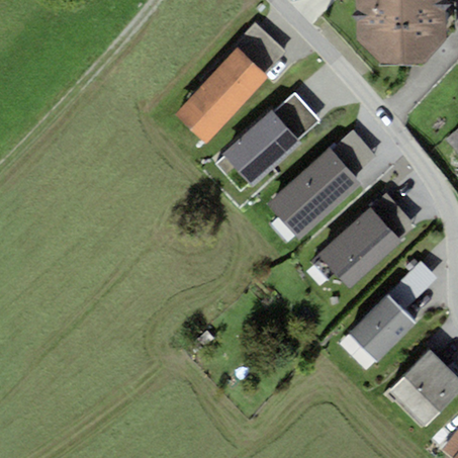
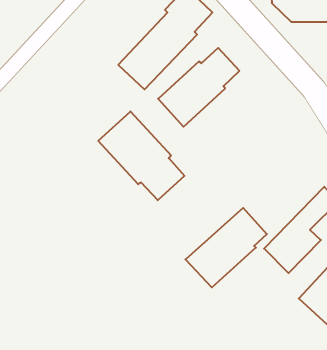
building: [265,130,376,241] -> none
building: none -> [98,111,184,200]
building: [317,193,415,288] -> [185,208,267,287]

